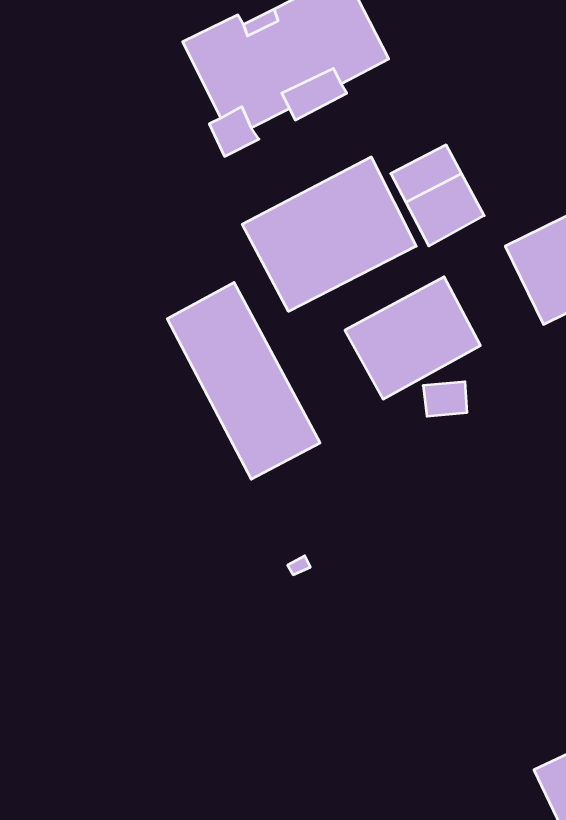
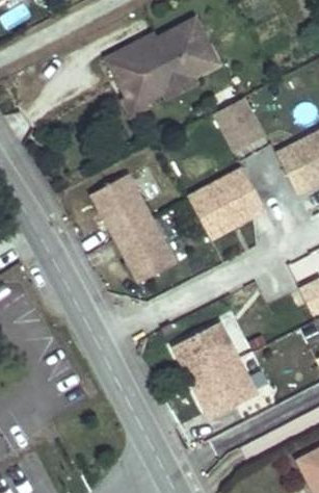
building: [242,157,416,311] -> none
building: none -> [177,322,259,417]

